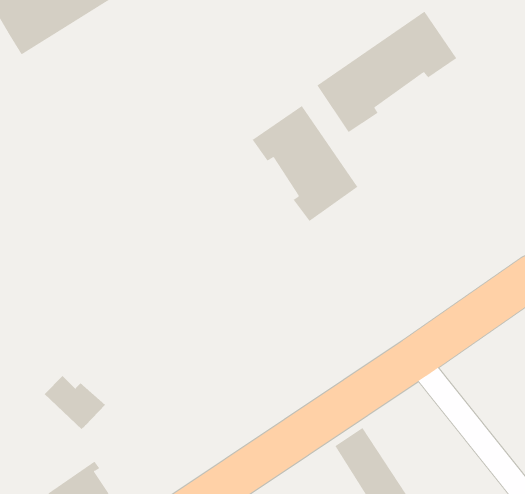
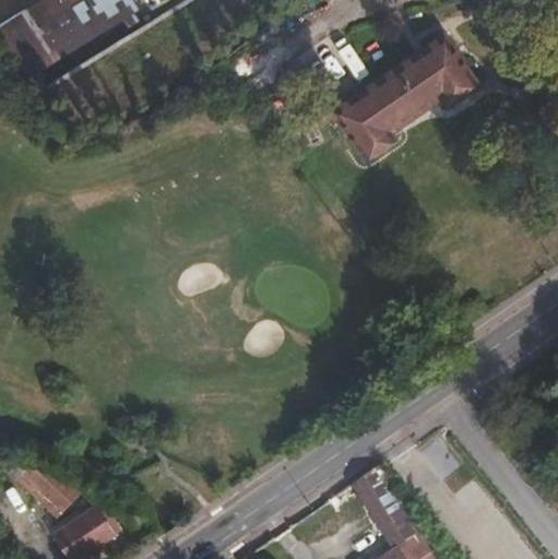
building: [252,105,358,222] -> none
building: [44,375,106,430] -> [17,462,82,519]

